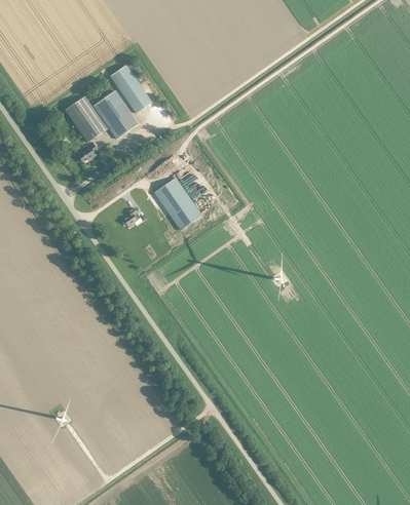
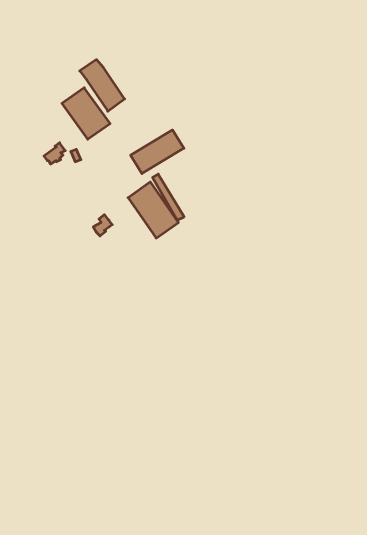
building: [65,95,107,142] -> none
building: none -> [131,130,184,174]

